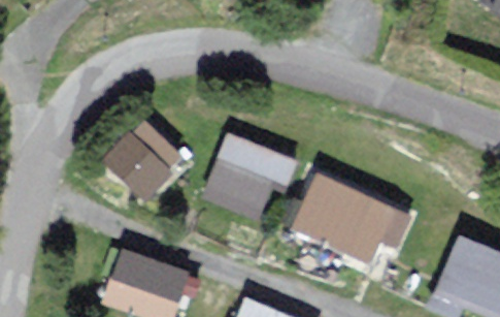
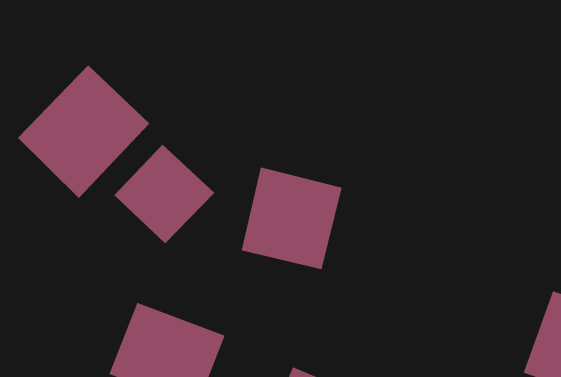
building: none -> [17,64,150,199]
building: [288,171,407,271] -> none

